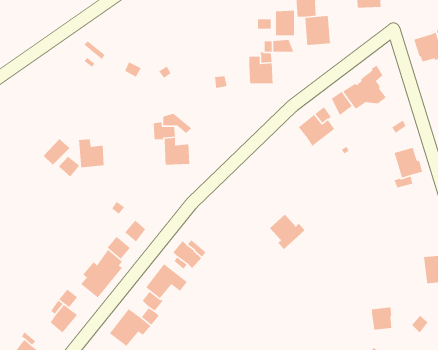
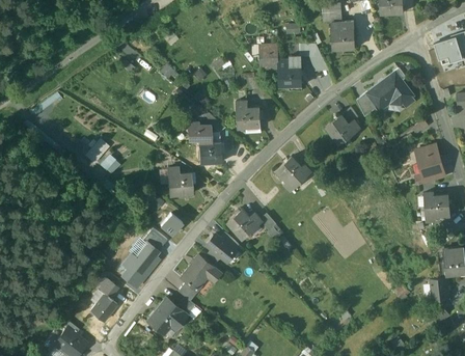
building: [275,10,295,36] -> [259,44,278,69]
building: none -> [236,101,261,129]
building: [78,138,105,168] -> [167,167,192,195]
building: none -> [423,192,450,221]
building: [269,214,306,250] -> [276,157,310,191]
building: none -> [227,210,263,240]
building: [371,307,392,331] -> [430,277,449,300]

